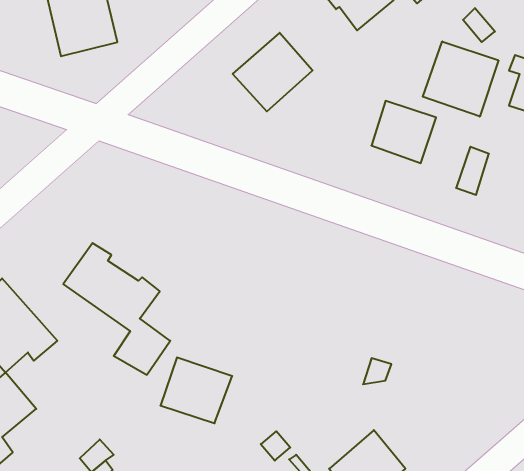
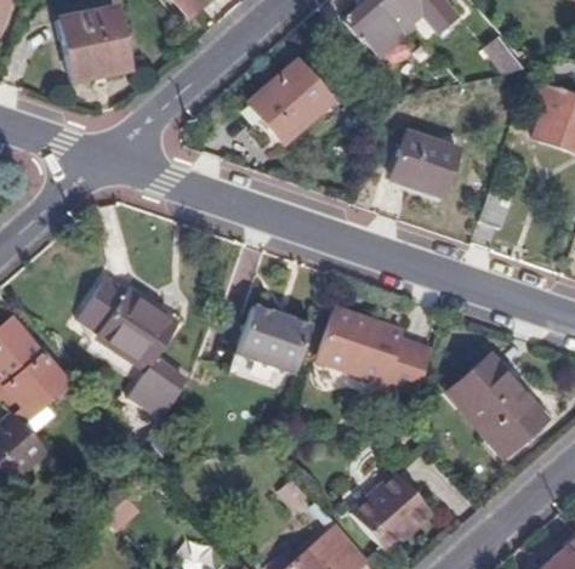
building: [423,41,498,117] -> none
building: none -> [318,306,432,394]
building: none -> [448,354,545,454]
building: [160,357,232,423] -> [238,305,312,372]

